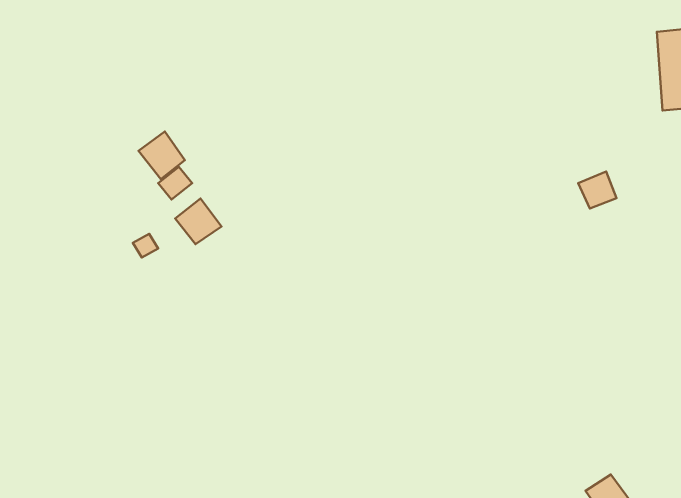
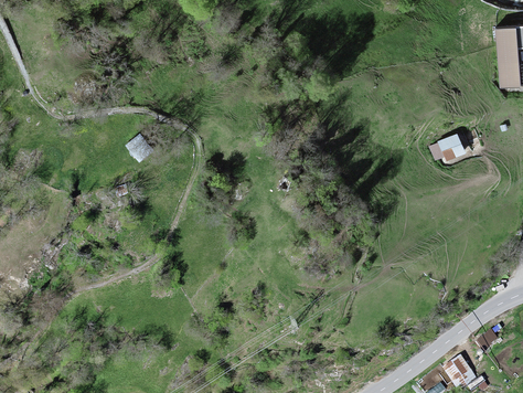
building: [139,132,185,179] -> none
building: [175,198,221,244] -> none

